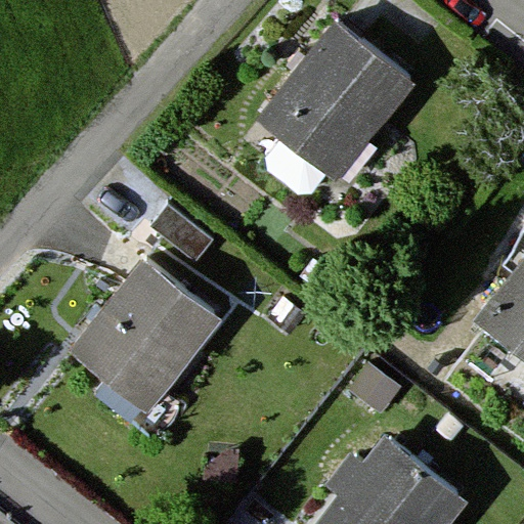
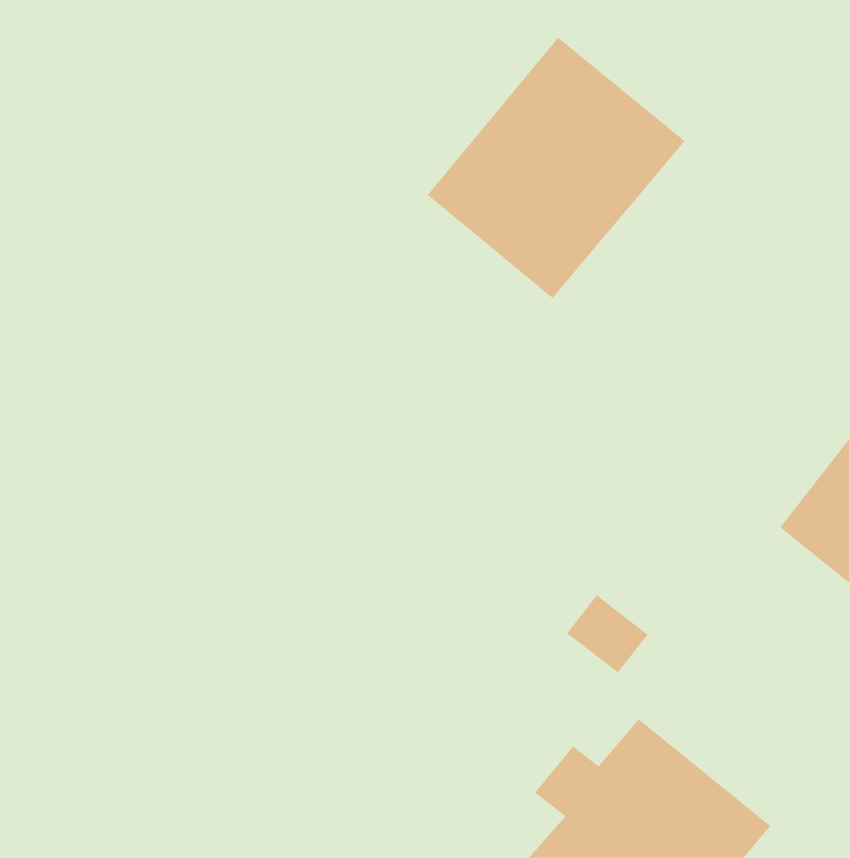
building: [69,258,219,409] -> none

